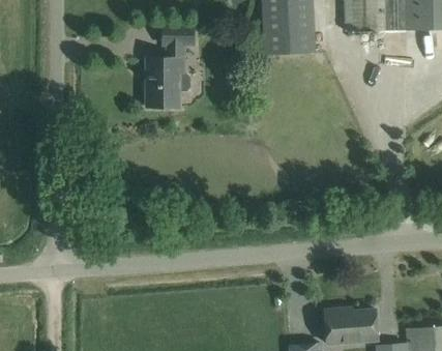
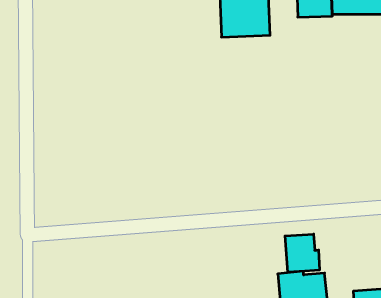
building: [147,26,195,107] -> none
building: none -> [285,234,319,272]

